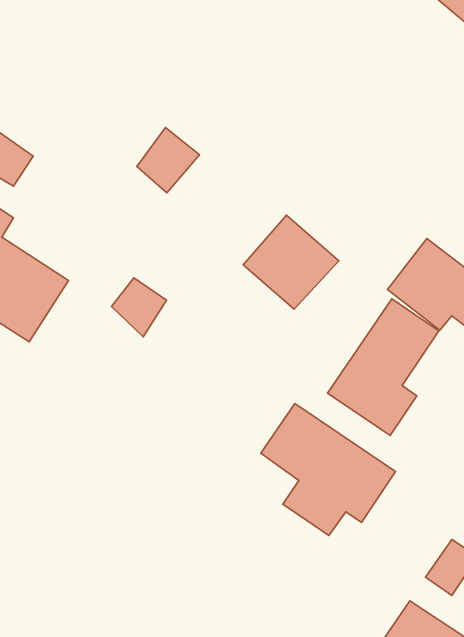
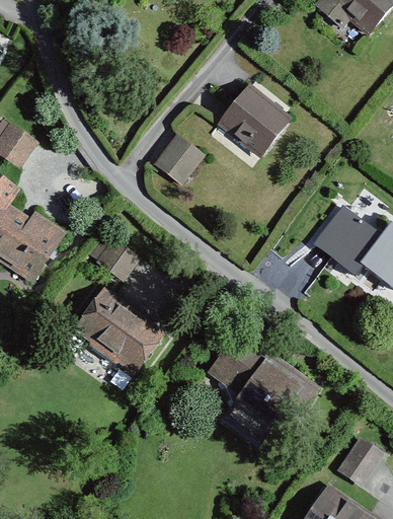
building: [137,127,199,193] -> [157,132,206,182]
building: [243,215,339,309] -> [219,85,293,158]
building: [327,299,439,435] -> none
building: none -> [73,288,164,373]

